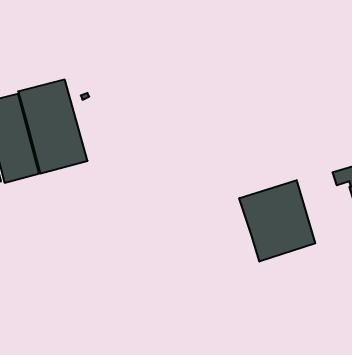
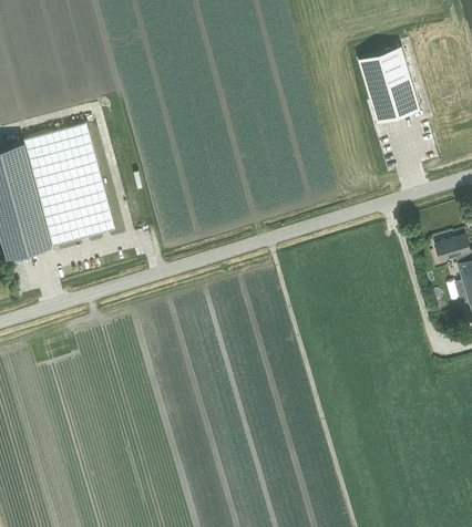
building: none -> [358,46,420,123]
building: [239,180,315,262] -> none

